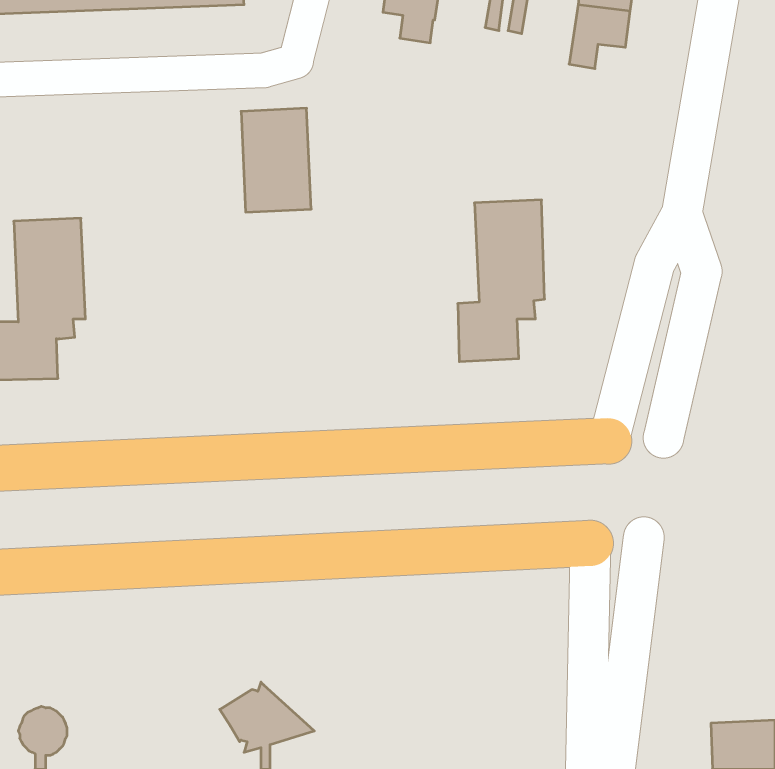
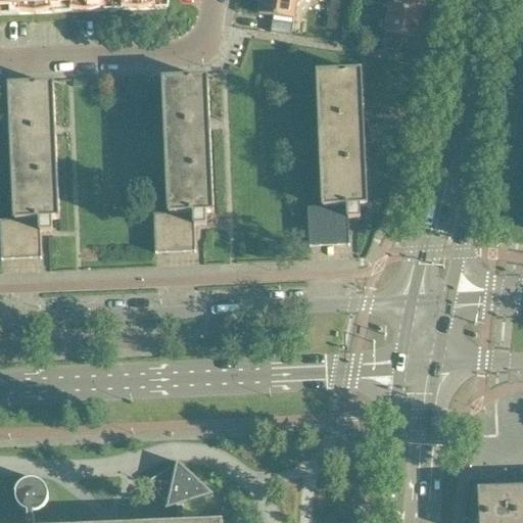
building: none -> [316,66,363,136]
building: none -> [7,80,54,148]
building: none -> [152,140,210,248]

